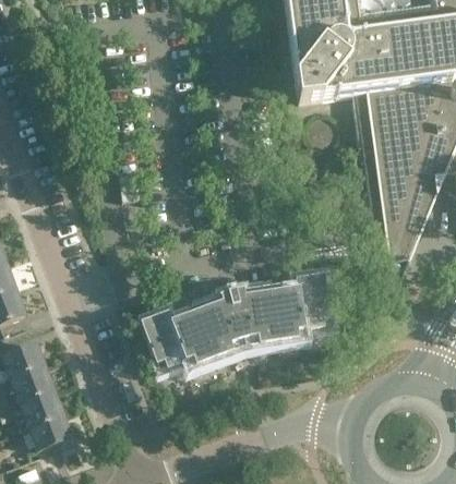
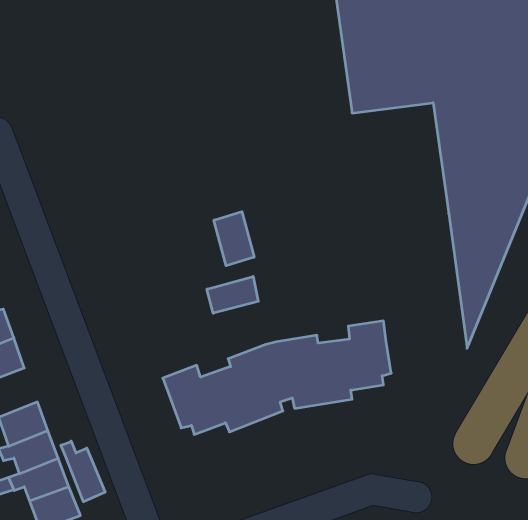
building: none -> [214,212,254,266]
building: none -> [207,276,258,313]
building: none -> [61,441,105,502]

